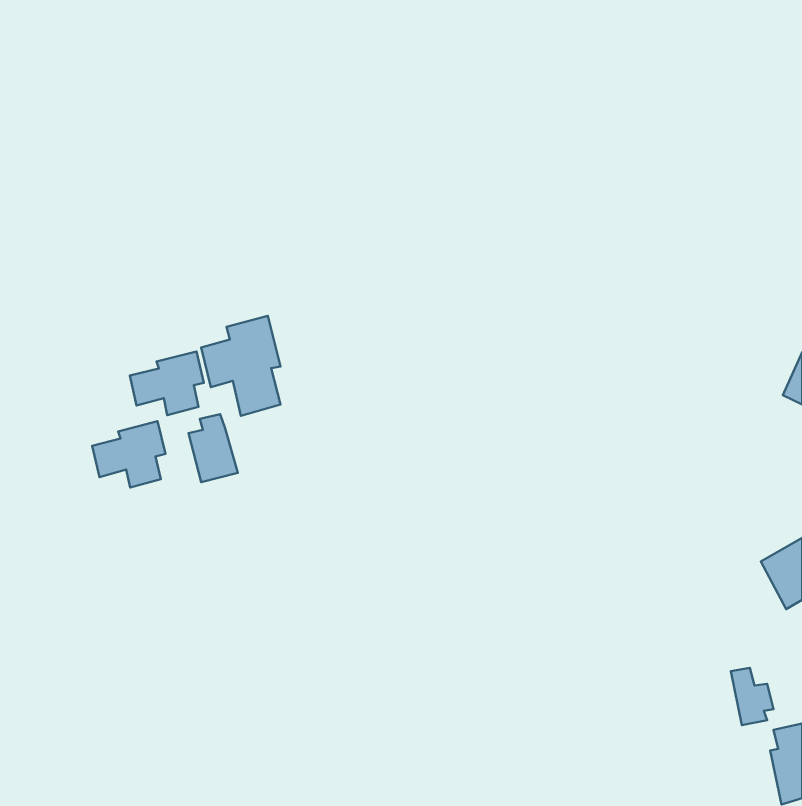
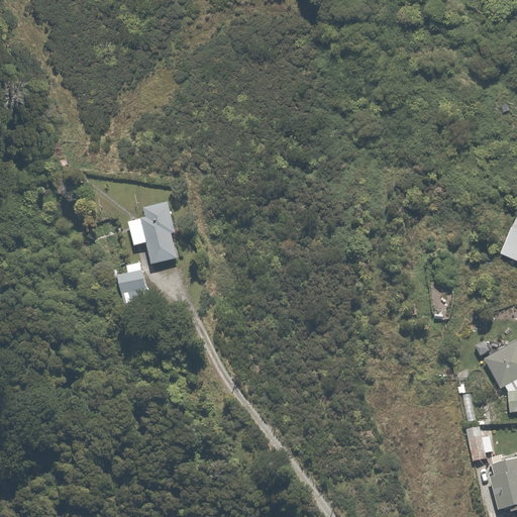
building: [130,352,204,415] -> none
building: [92,421,165,487] -> none

